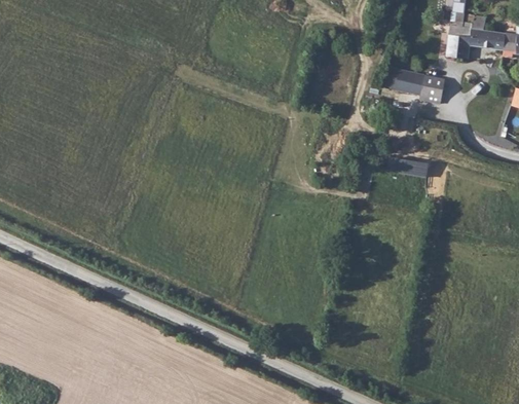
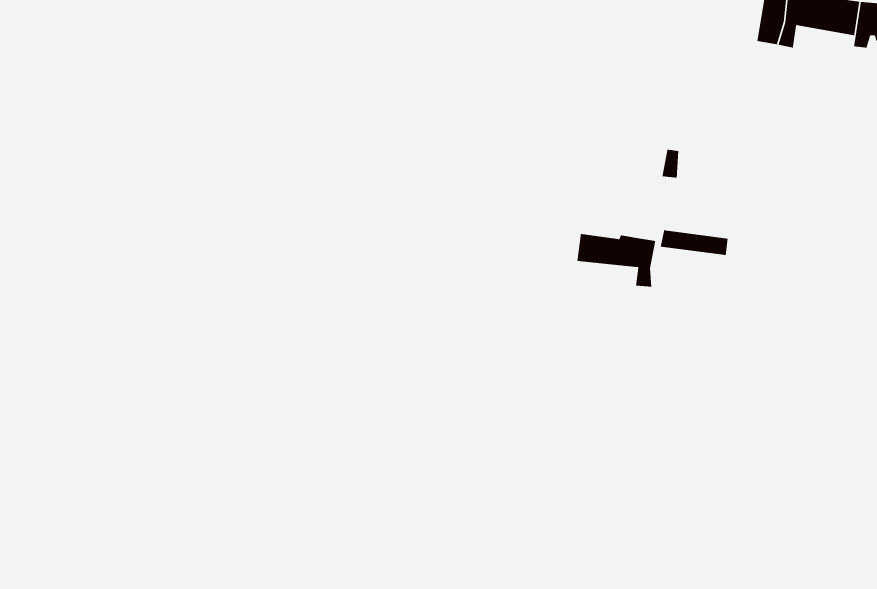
building: [393,72,443,102] -> none
building: none -> [577,233,656,288]

